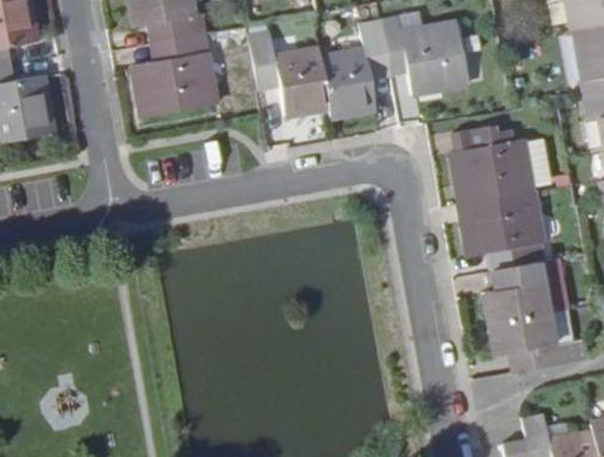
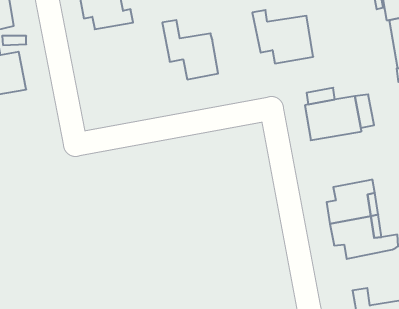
building: [319,19,389,116] -> none
building: [131,34,213,117] -> none
building: [459,192,545,271] -> none

